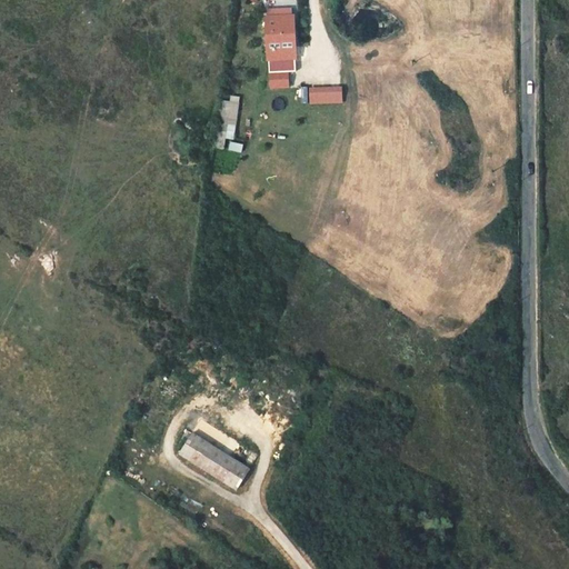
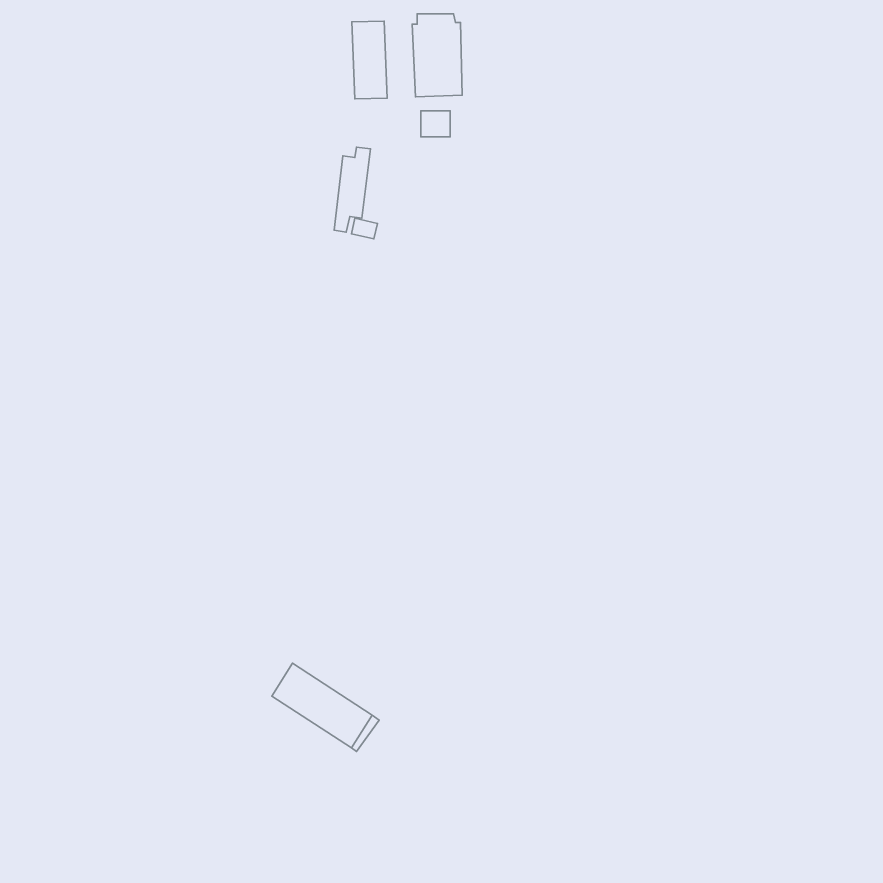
building: none -> [352,21,387,99]
building: [307,87,341,106] -> none

